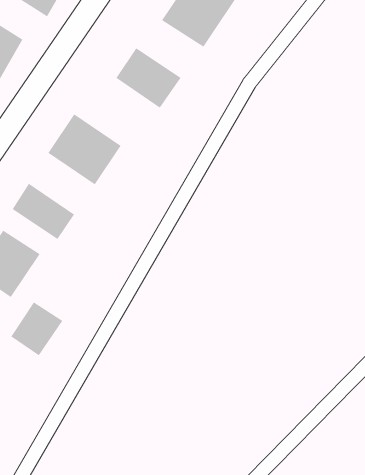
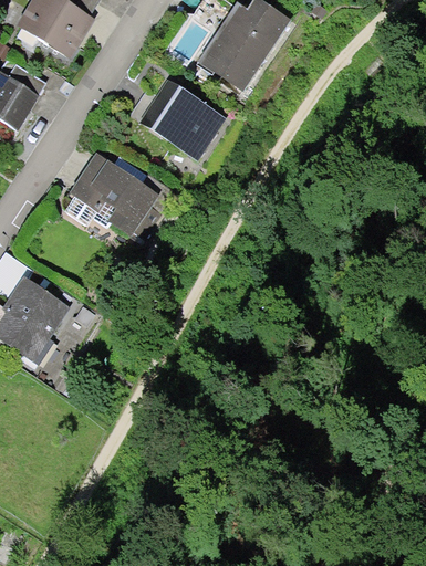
building: [12,183,75,240] -> none
building: [11,301,63,356] -> none

